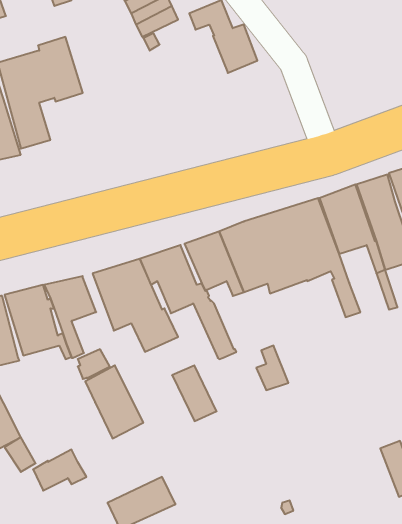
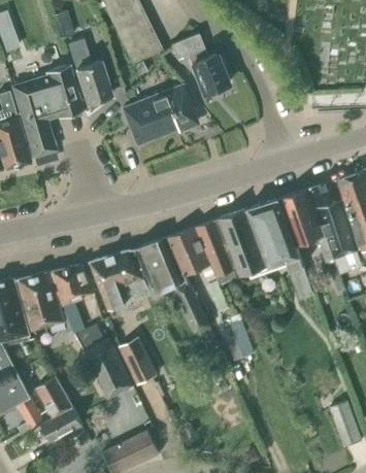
building: none -> [68,39,111,104]
building: none -> [122,87,196,144]
building: [172,365,217,421] -> [120,337,157,383]
building: none -> [36,377,73,418]

